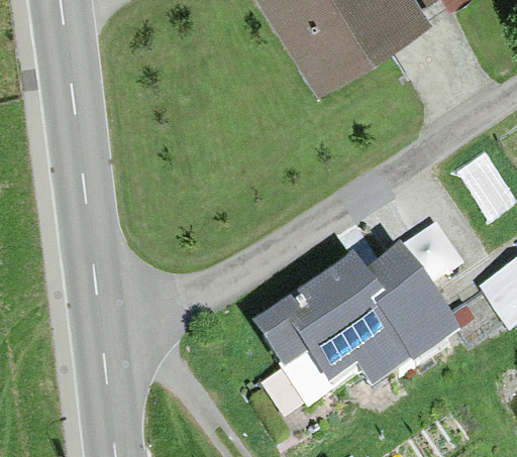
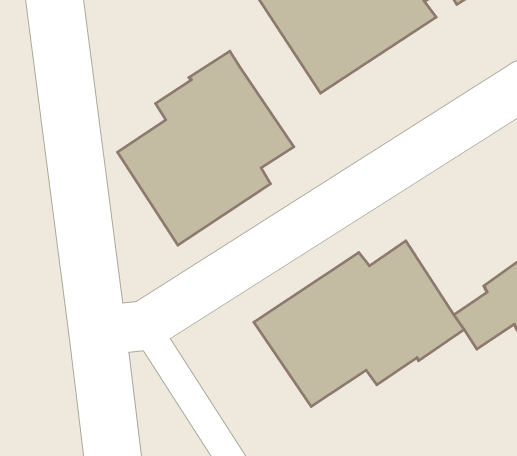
building: none -> [117,51,294,245]

